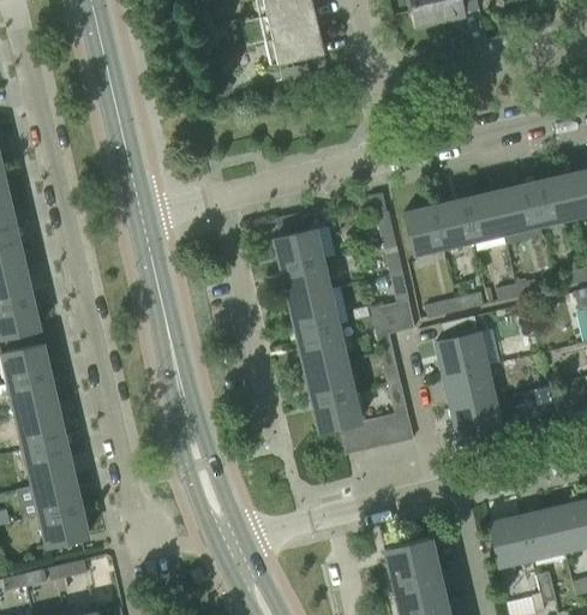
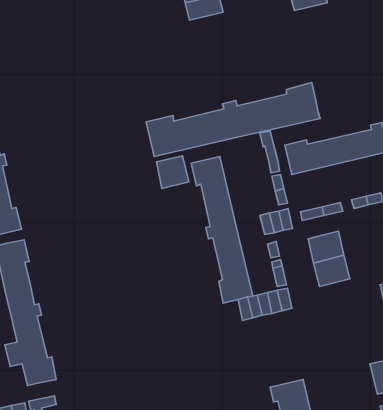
building: [272,29,325,65] -> none
building: none -> [146,83,320,157]
building: none -> [157,156,189,188]
building: [453,398,502,441] -> none
building: [490,515,533,566] -> none

